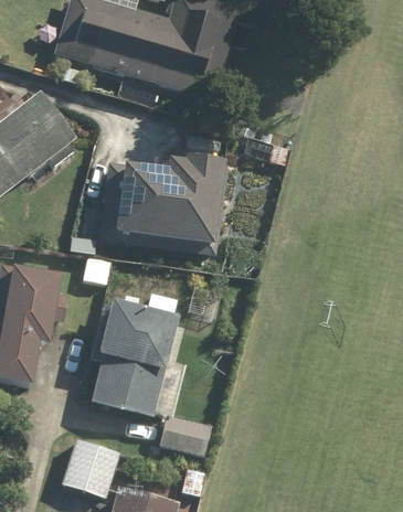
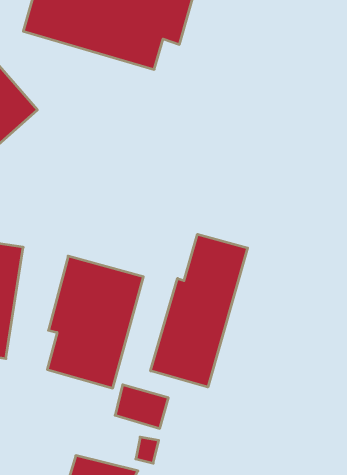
building: [98,154,224,247] -> none
building: none -> [151,234,248,387]
building: [57,436,119,497] -> none

